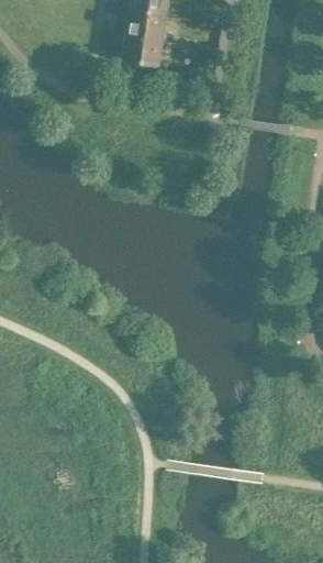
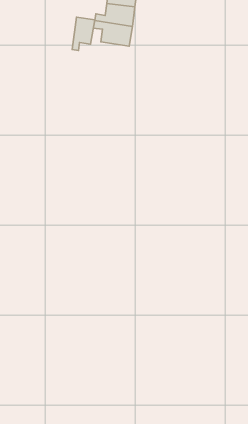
building: none -> [72,17,95,51]

